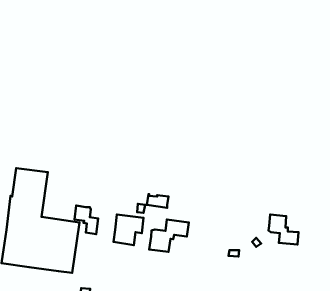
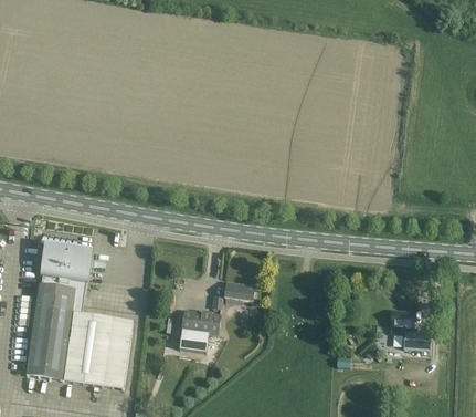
building: [74,206,98,234] -> none
building: [149,220,189,252] -> none

